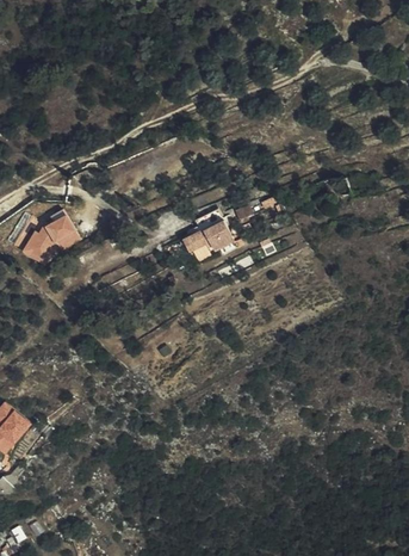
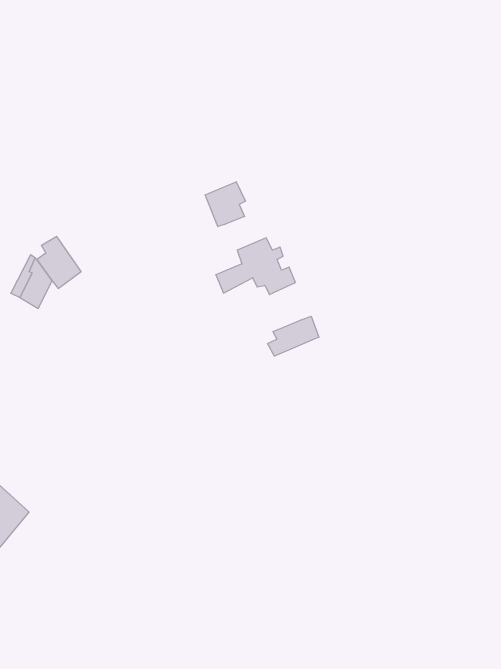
building: none -> [205,182,245,227]
building: none -> [268,316,319,356]

